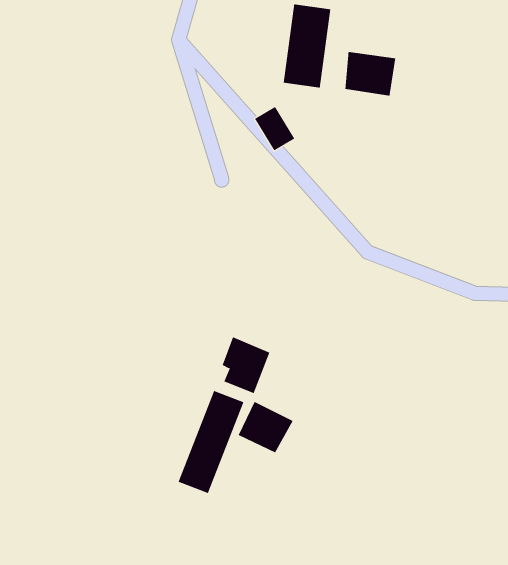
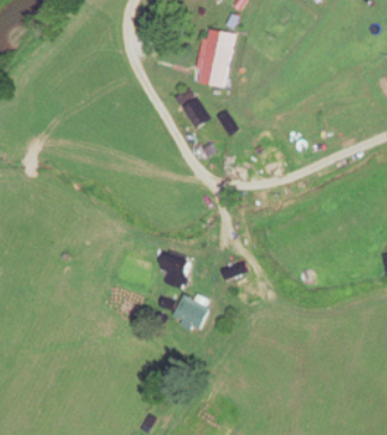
building: [345,51,396,96] -> none
building: [178,390,244,494] -> none

